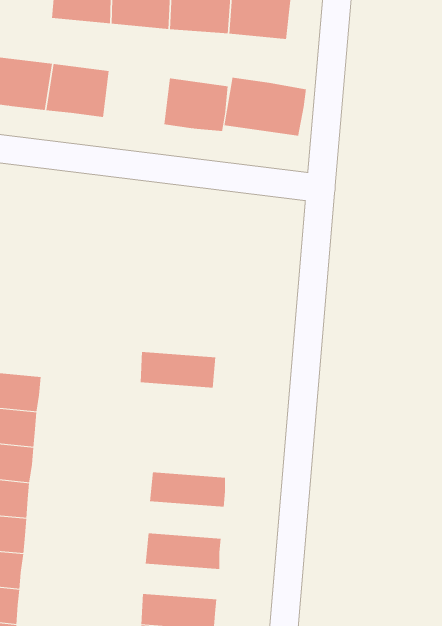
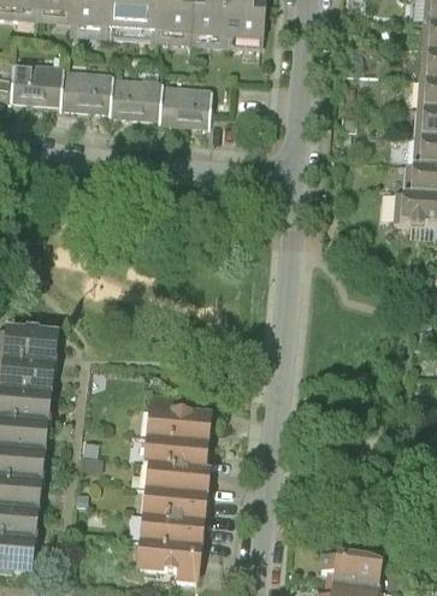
building: none -> [107,75,163,120]
building: [224,77,306,136] -> none
building: [140,351,216,388] -> [144,441,209,472]
building: none -> [140,494,206,524]

